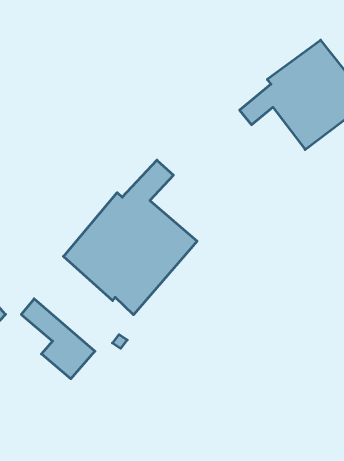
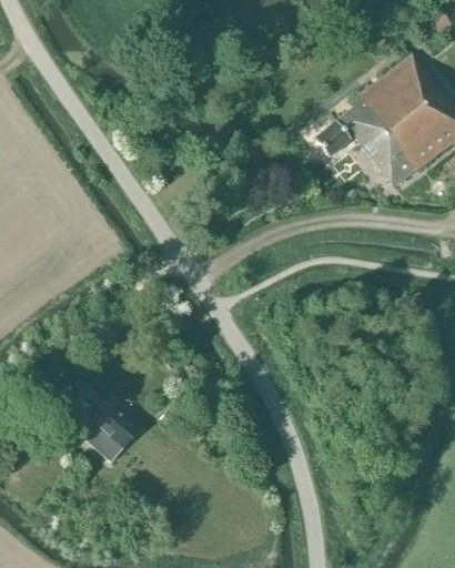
building: [63,160,197,315] -> none

